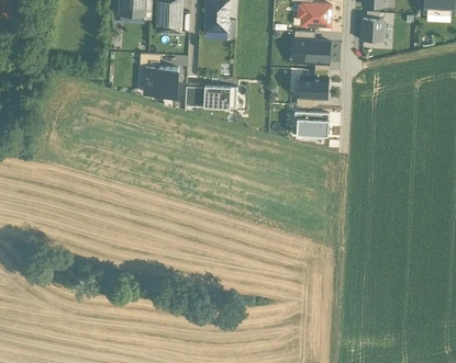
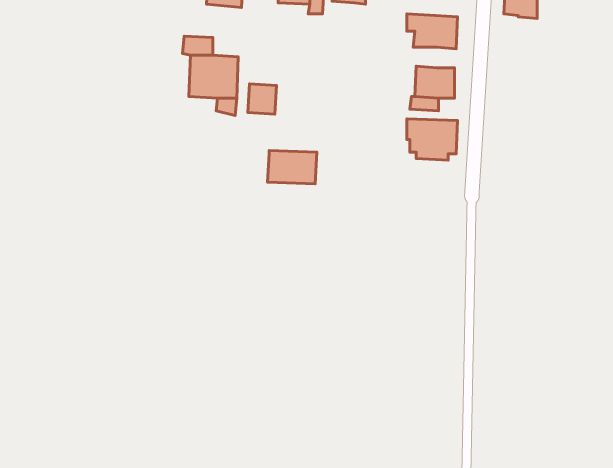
building: [202,86,236,109] -> [268,151,317,184]

